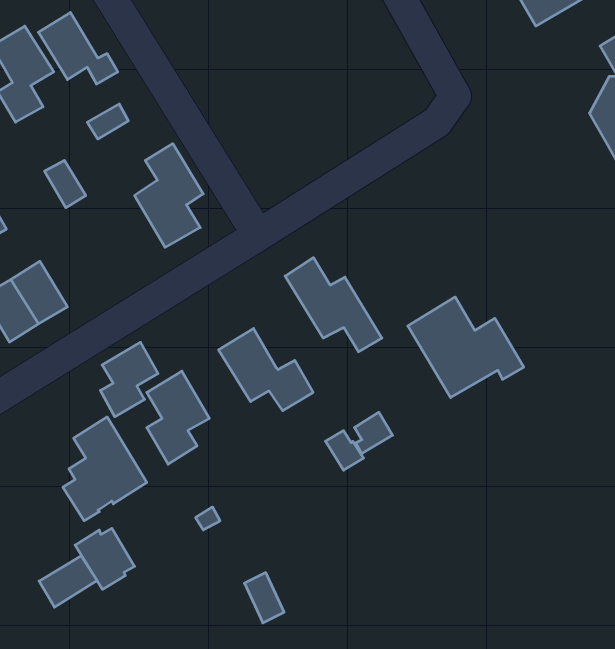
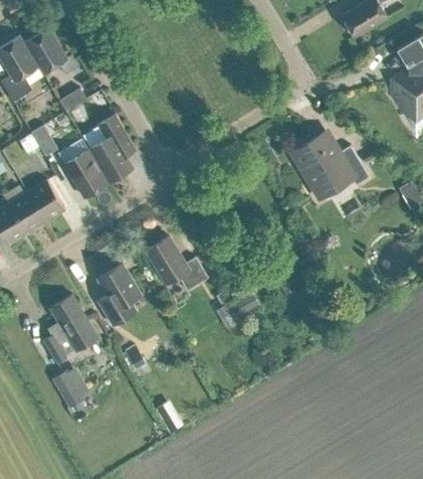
building: none -> [63,149,107,197]
building: none -> [27,180,64,221]
building: [285,258,382,352] -> none
building: [408,297,524,398] -> [292,131,369,197]
building: [100,342,158,417] -> none
building: [39,556,97,607] -> none

